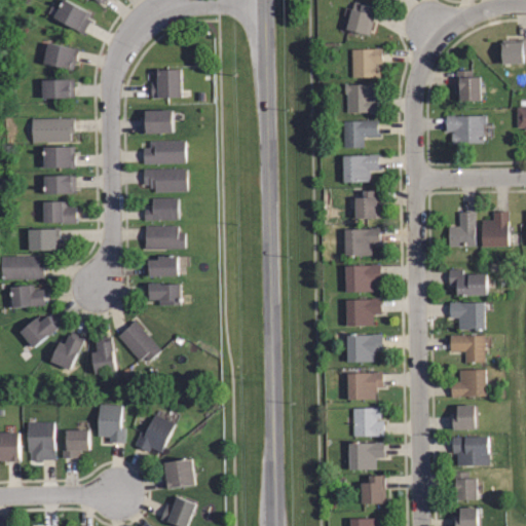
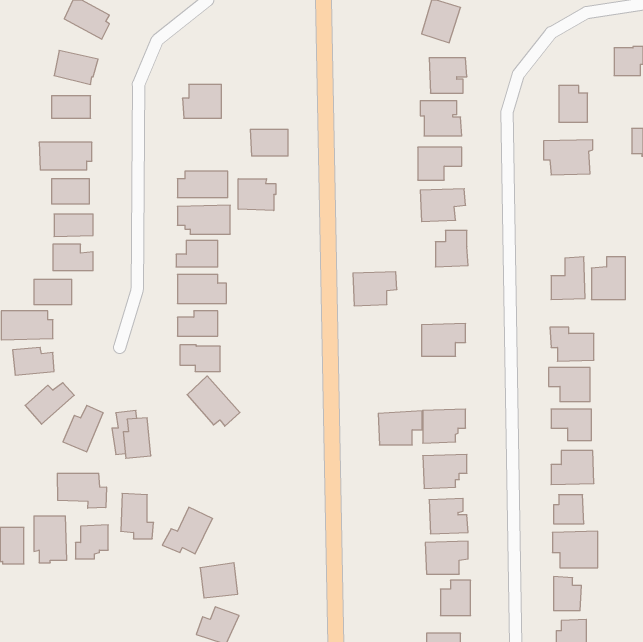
building: [144,110,175,132] -> [250,129,288,156]
building: none -> [238,179,276,211]
building: [343,228,379,256] -> [353,272,397,306]
building: [344,298,380,326] -> [378,411,422,445]
building: [117,320,160,361] -> [187,376,240,426]
building: none -> [57,473,106,508]

